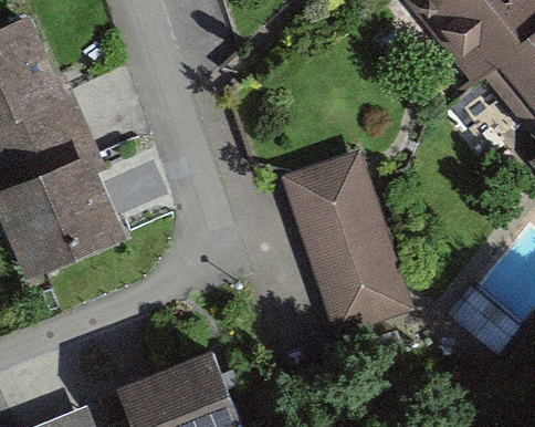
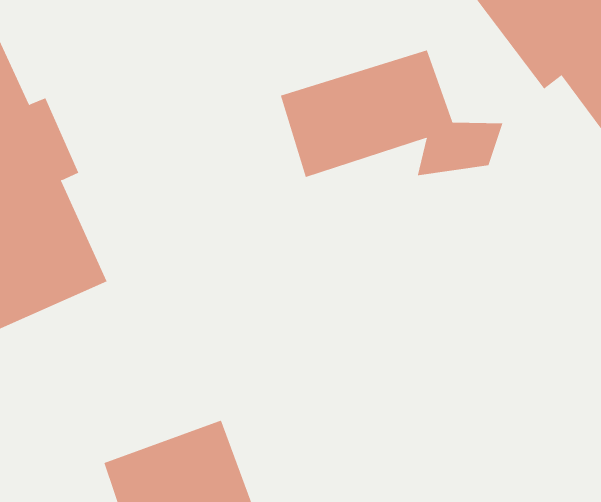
building: none -> [280,50,503,178]
building: [295,155,413,334] -> none

